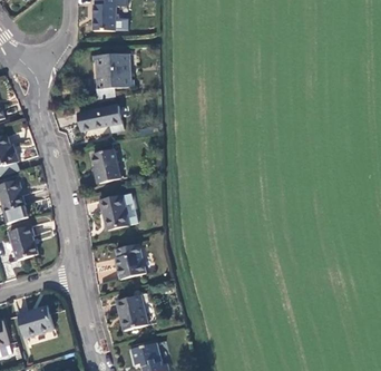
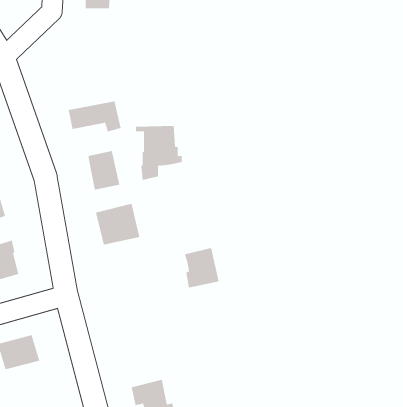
building: [94,55,134,101] -> [135,125,182,181]
building: [117,244,147,279] -> [184,247,220,288]
building: [117,295,148,330] -> none

